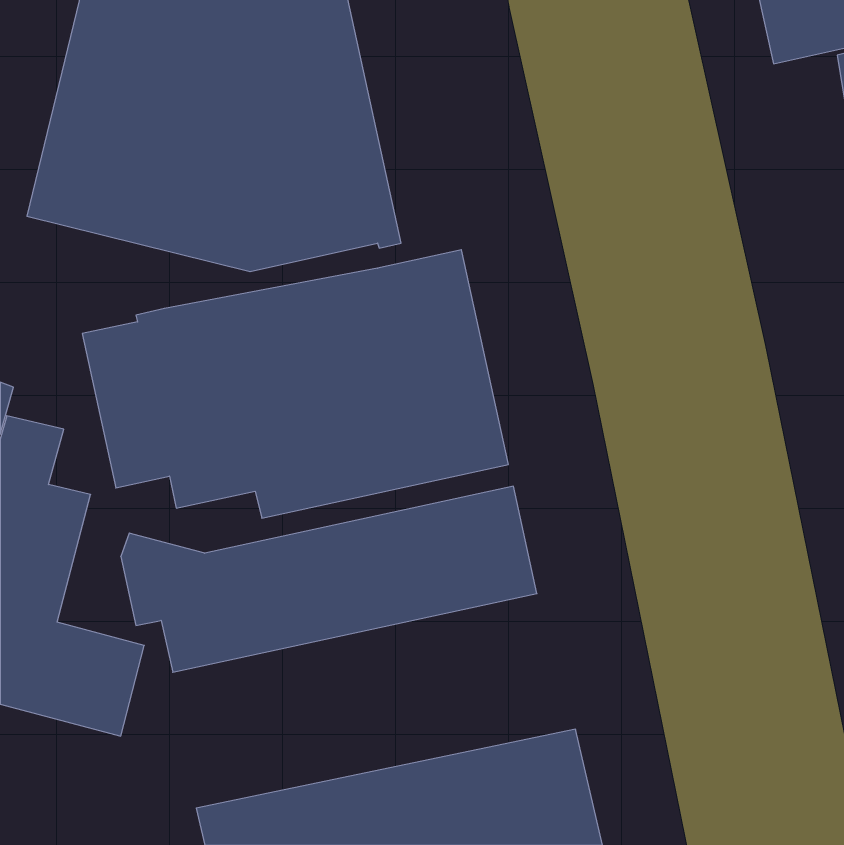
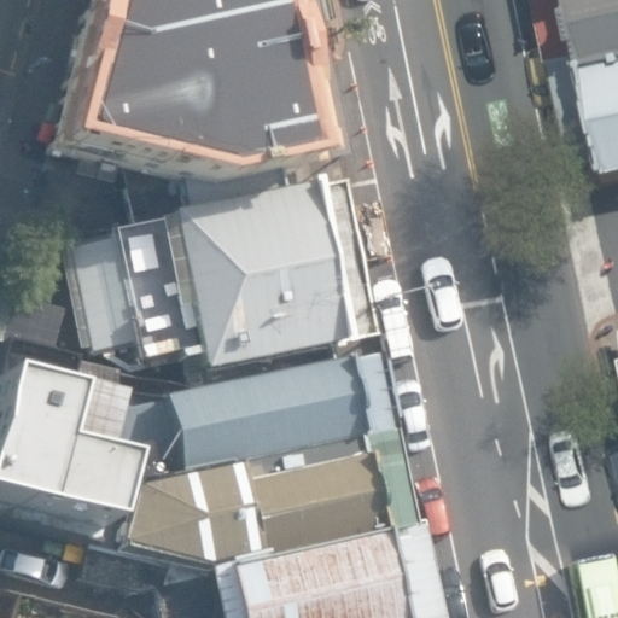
building: none -> [128,427,416,570]

